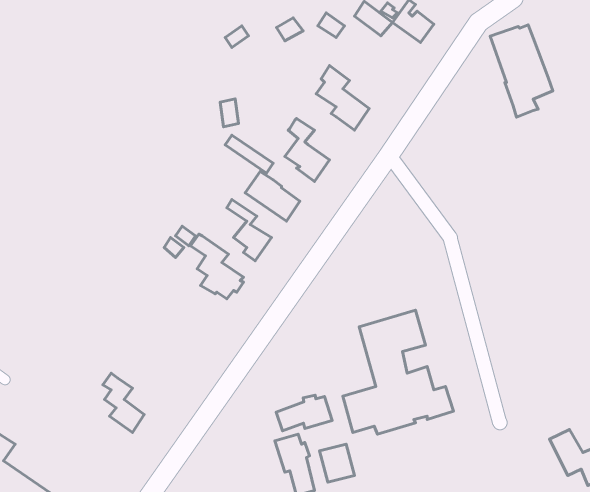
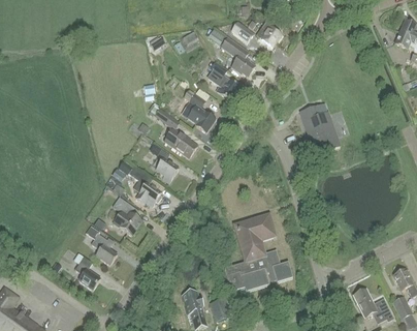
building: [490,25,553,117] -> [300,103,340,161]
building: none -> [221,36,256,76]
building: none -> [113,195,142,235]
building: none -> [86,224,118,265]
building: [276,395,332,431] -> none

